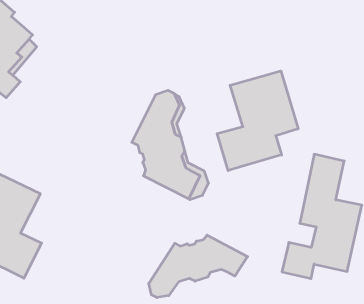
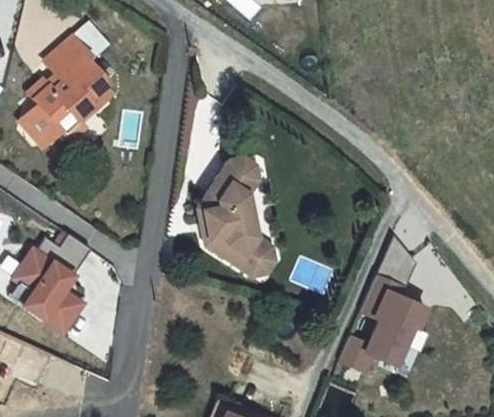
building: [217,71,298,171] -> none
building: [149,235,248,298] -> none

